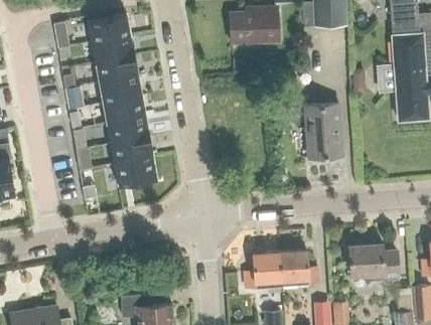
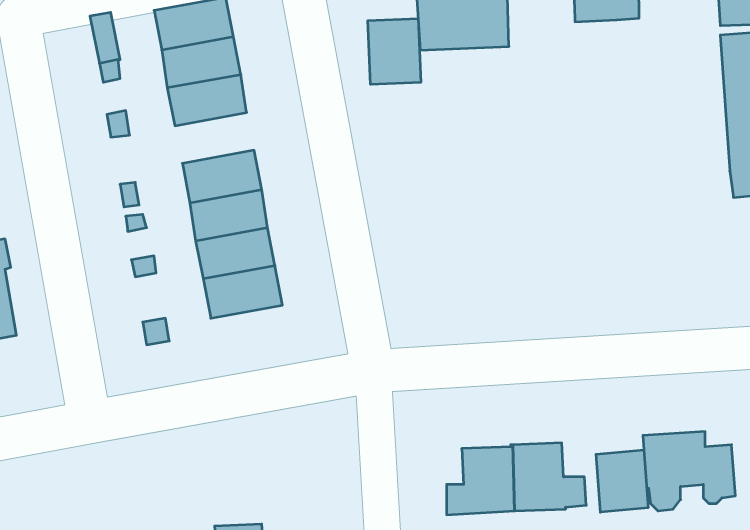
building: none -> [368,19,421,84]
building: [99,75,141,103] -> none
building: [304,102,341,157] -> none
building: none -> [596,450,648,512]

